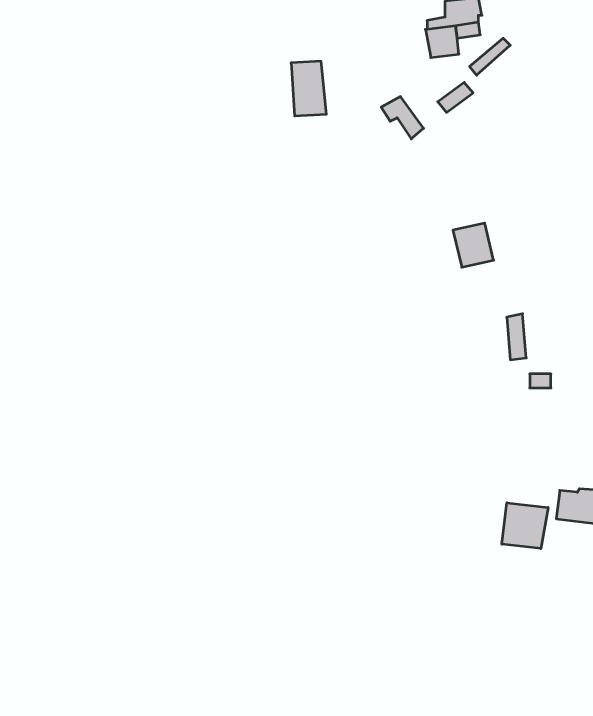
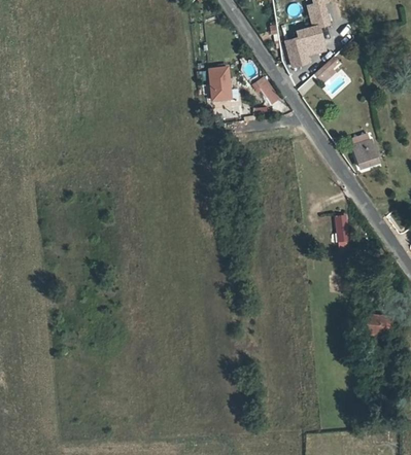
building: [453,223,494,267] -> [353,141,377,167]
building: [502,503,548,549] -> none

